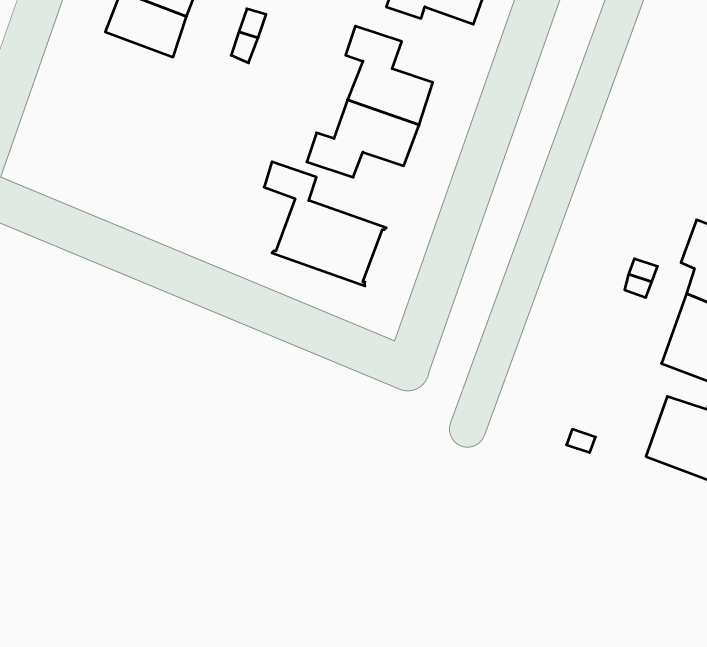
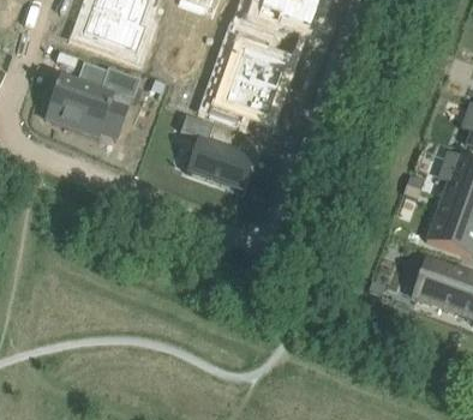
building: none -> [44,67,139,137]

